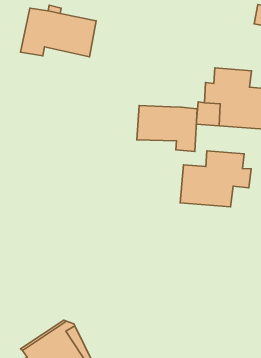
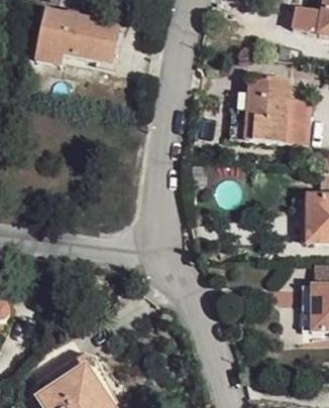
building: [137,105,197,151] -> none
building: [180,151,251,207] -> none

